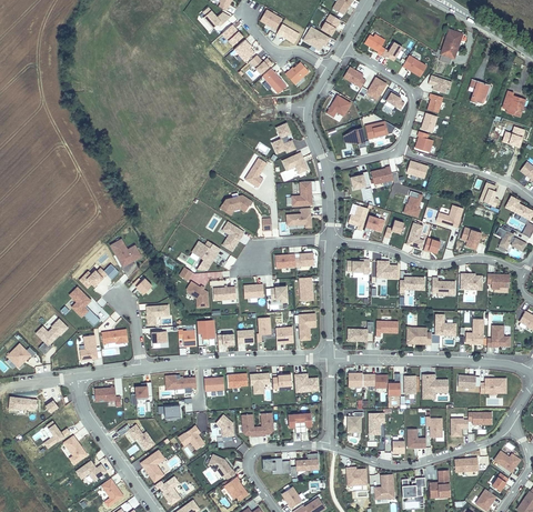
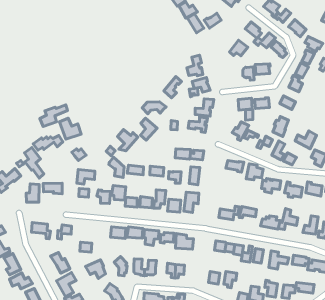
building: none -> [40,105,68,127]
building: [164,373,197,392] -> none

